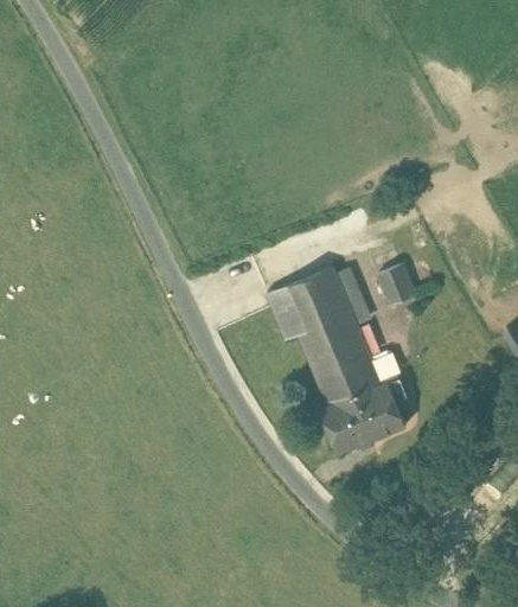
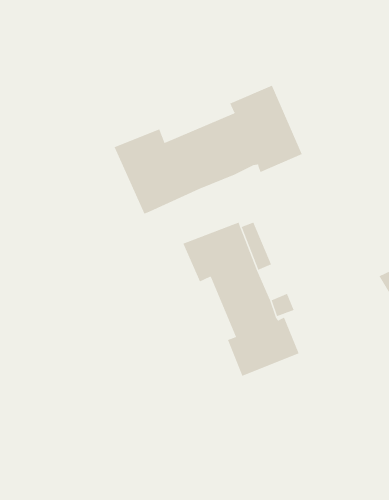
building: none -> [114,85,303,215]
building: [378,266,416,307] -> none

